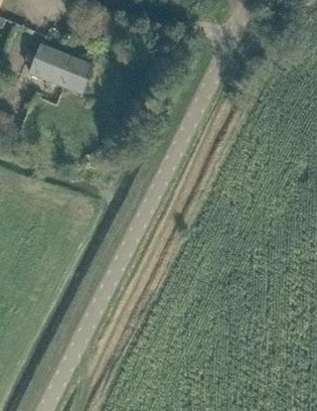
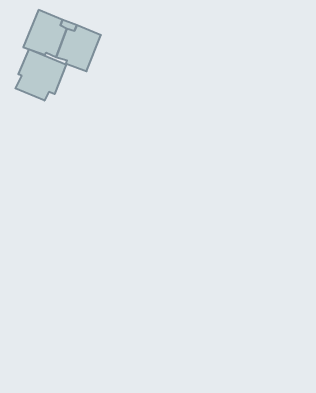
building: none -> [15,49,66,101]

